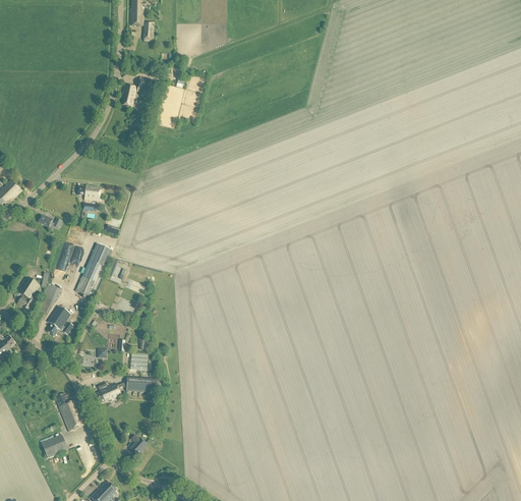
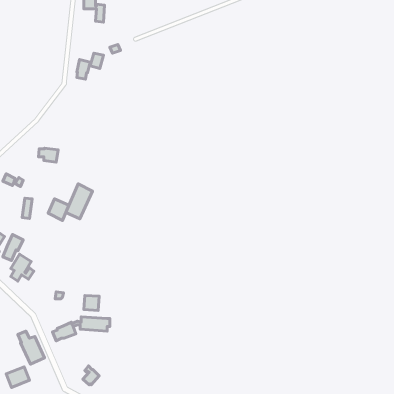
building: [74,259,105,298] -> [66,184,92,219]

